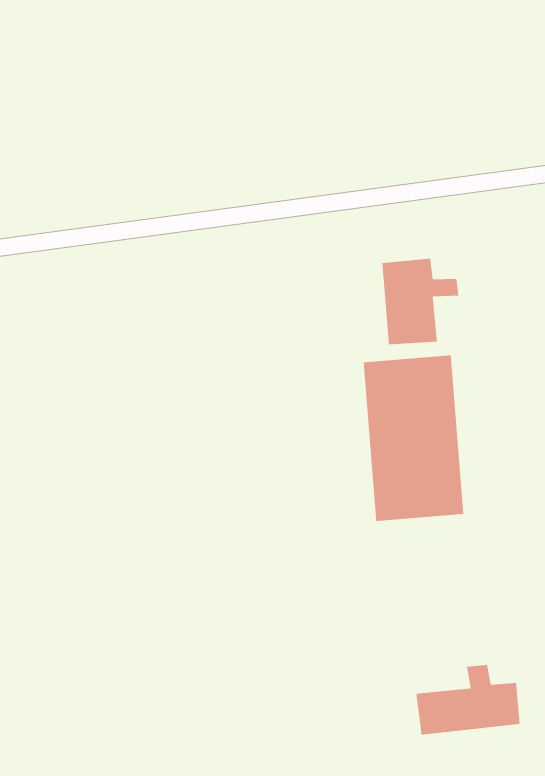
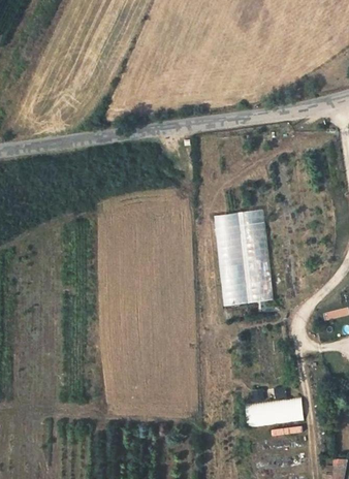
building: [382,258,459,345] -> none

